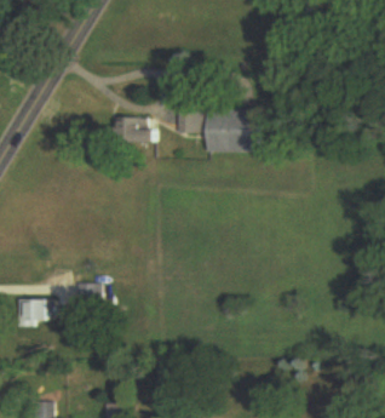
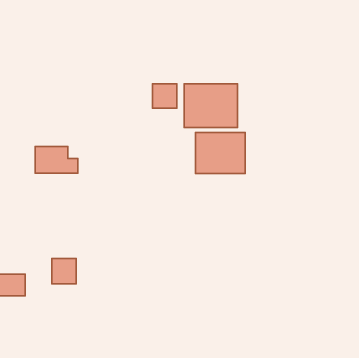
building: [115,118,157,144] -> [35,147,78,173]
building: none -> [196,132,245,173]

